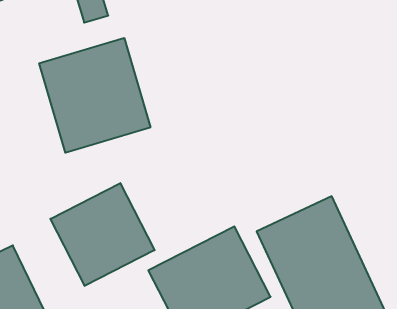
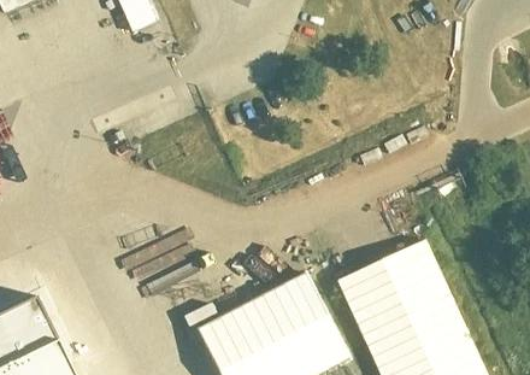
building: [39,38,150,153] -> none
building: [50,183,155,286] -> none

